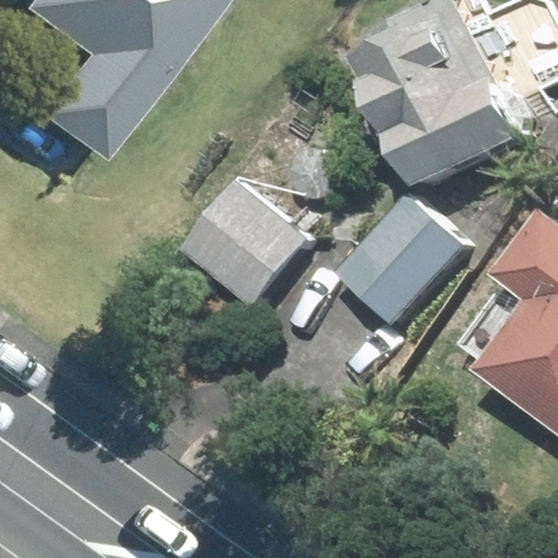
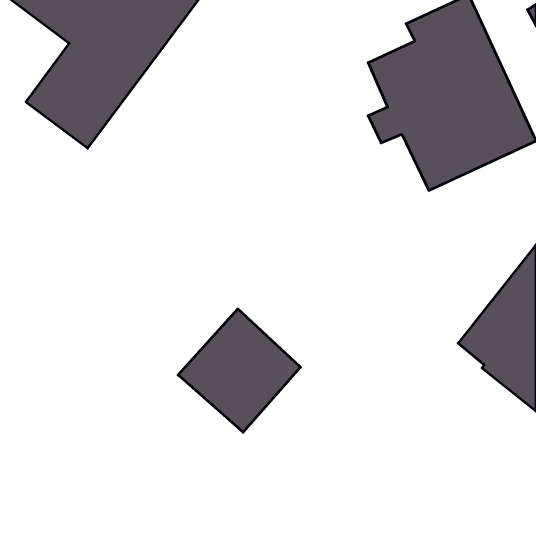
building: [186,181,310,305] -> [178,309,301,432]
building: [339,195,470,325] -> none

